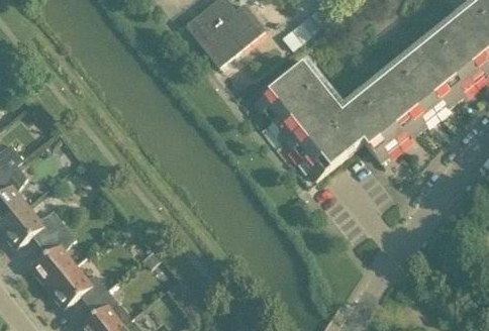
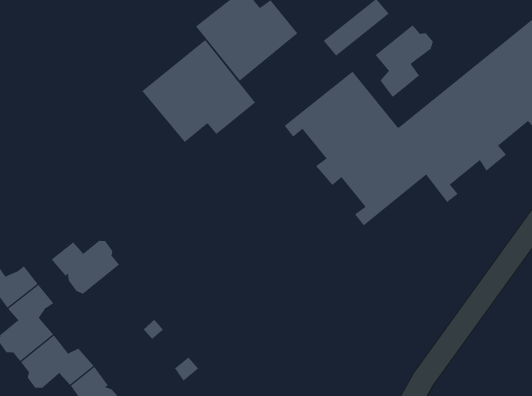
building: none -> [375,24,433,98]
building: none -> [142,39,256,143]
building: none -> [51,240,120,295]

